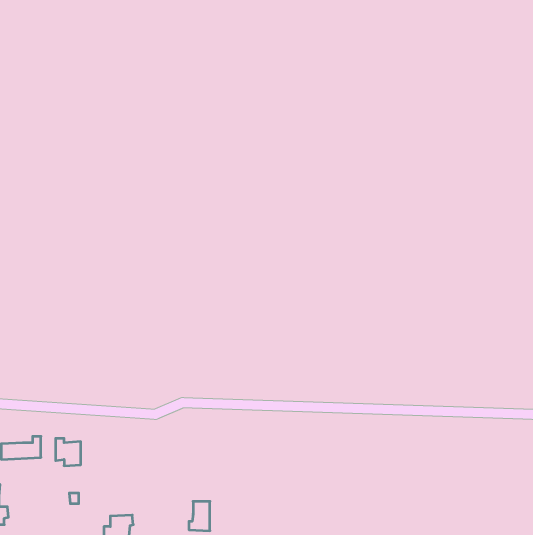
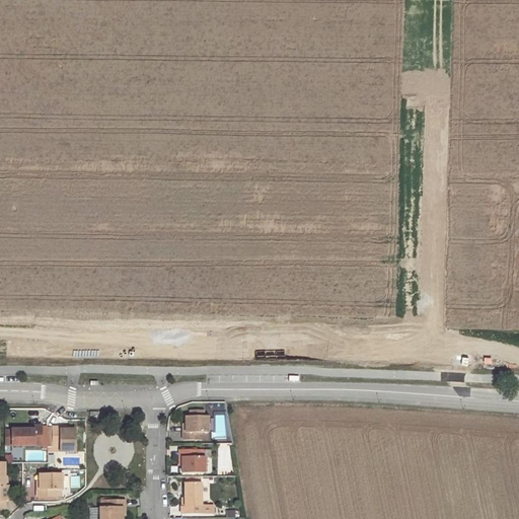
building: none -> [178,419,203,441]
building: none -> [183,450,208,471]
building: none -> [28,473,52,498]

